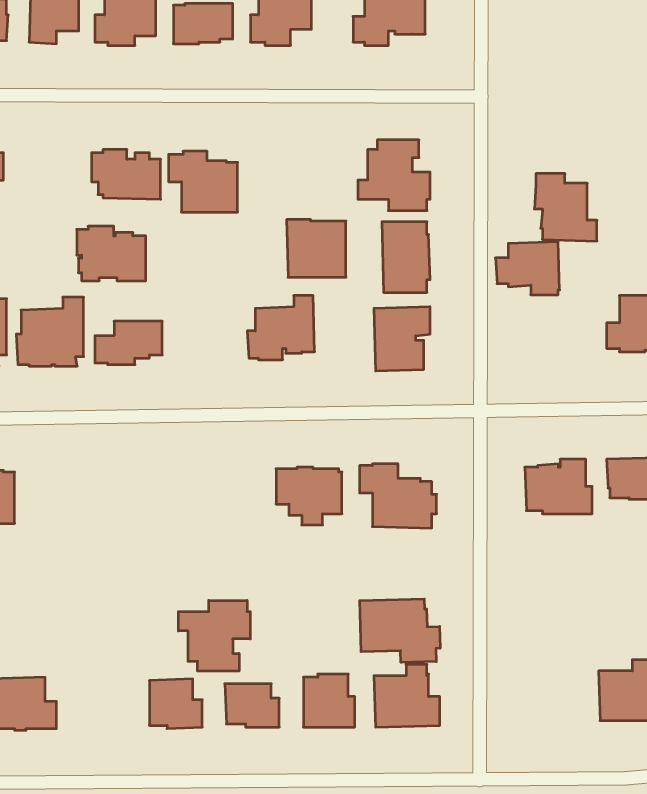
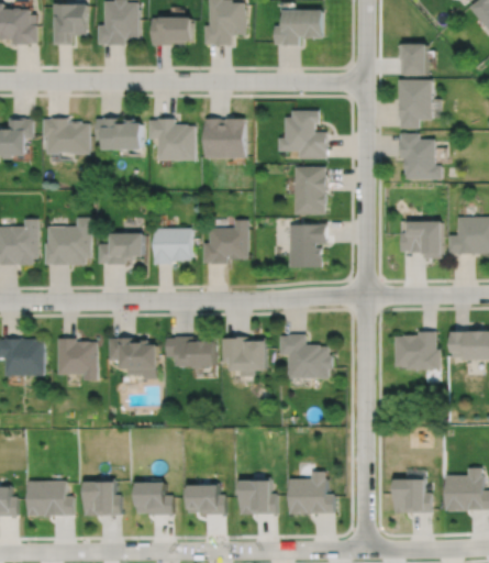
building: none -> [400,45,427,76]
building: none -> [399,80,433,129]
building: [287,220,346,277] -> [204,119,245,158]
building: [77,226,146,281] -> [43,118,90,155]
building: [495,242,560,295] -> [399,223,443,260]
building: none -> [153,227,191,263]
building: none -> [109,335,157,377]
building: none -> [166,335,215,366]
building: none -> [57,338,97,378]
building: [360,599,440,662] -> none
building: [178,600,250,671] -> none
building: none -> [392,477,430,512]
building: none -> [82,481,120,515]

